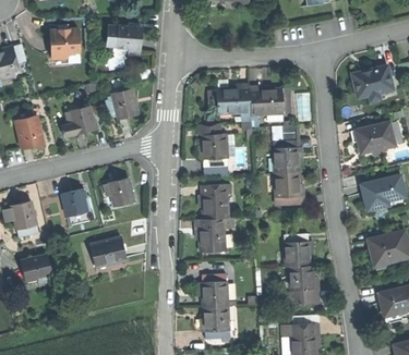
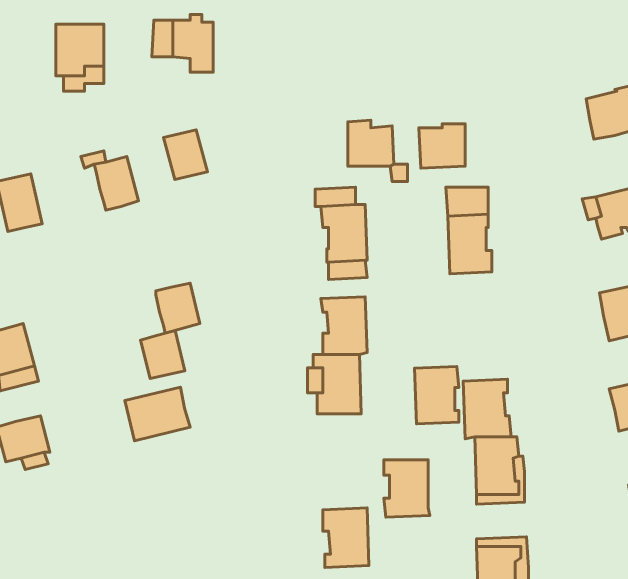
building: [275,172,300,205] -> [415,366,459,424]
building: [64,188,89,216] -> [141,331,185,379]
building: [202,274,228,307] -> [384,460,430,517]

